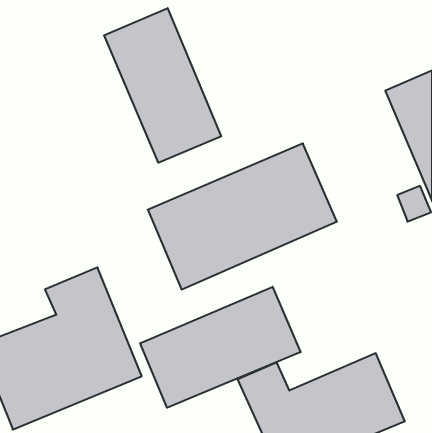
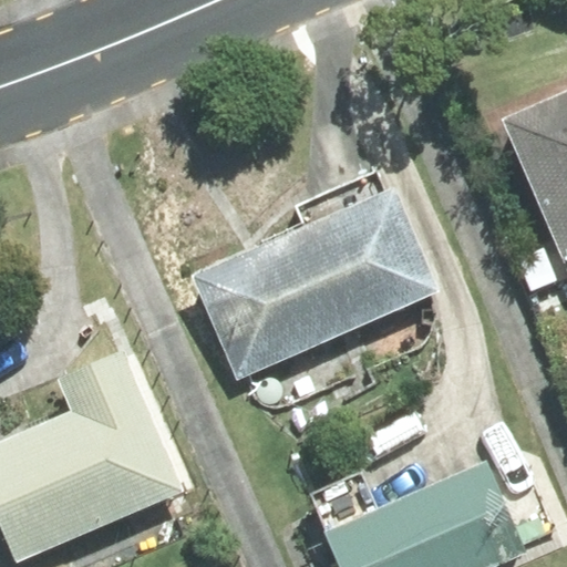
building: [104,8,221,163] -> none
building: [140,287,301,408] -> none

